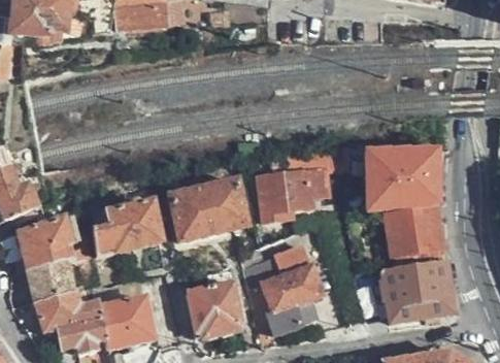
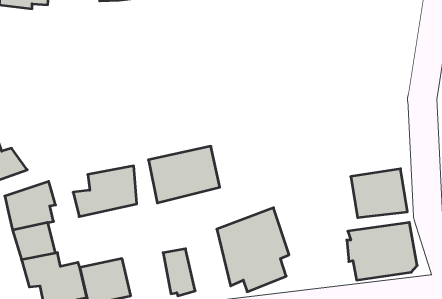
building: [370,150,437,211] -> none
building: [257,169,327,223] -> none
building: [210,283,241,333] -> none

